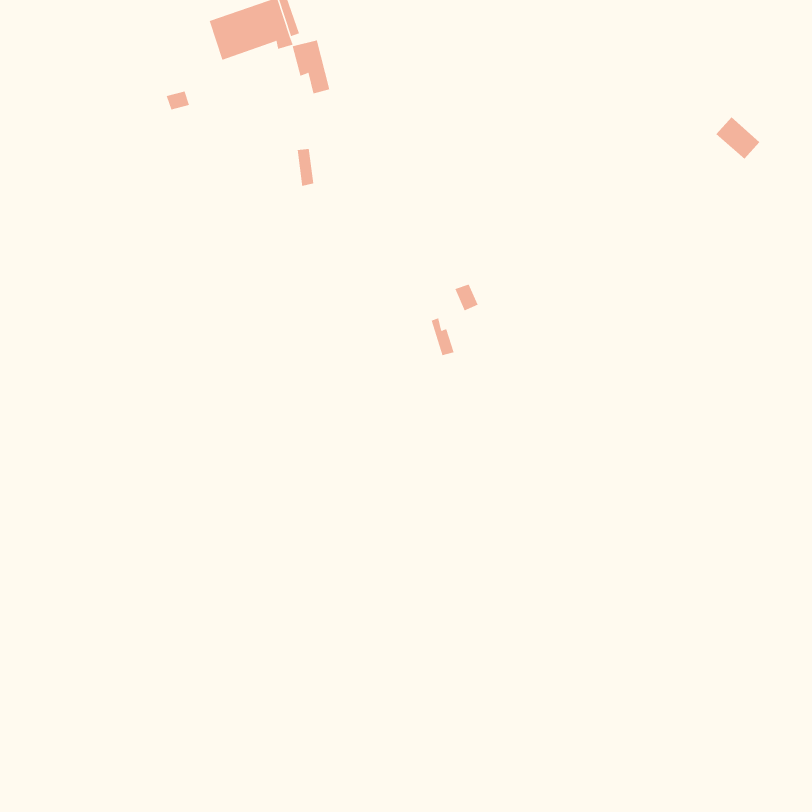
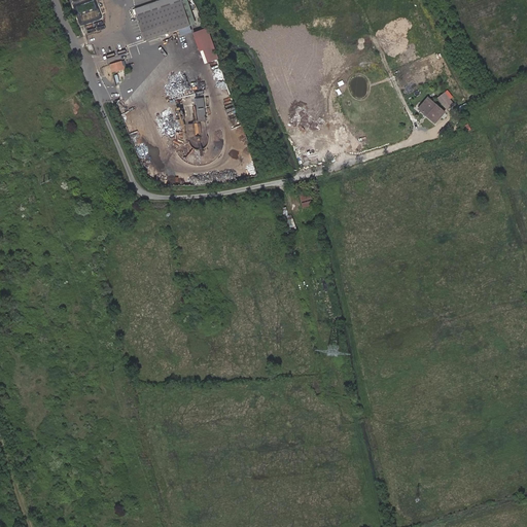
building: [716,117,760,160] -> [416,94,445,121]

